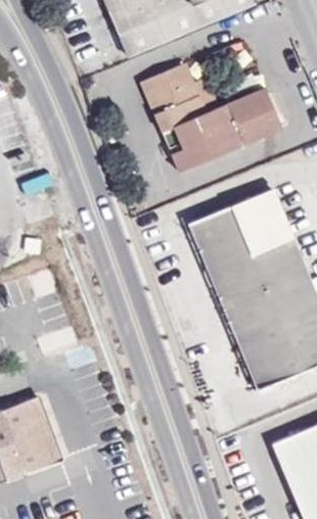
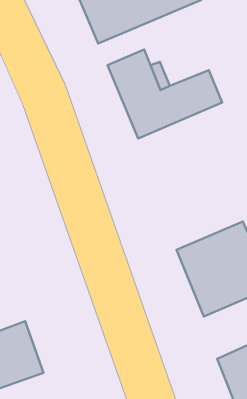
building: [188,189,306,310] -> none

